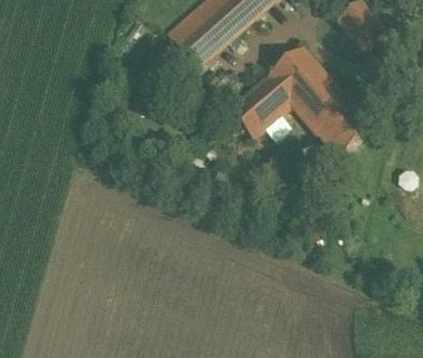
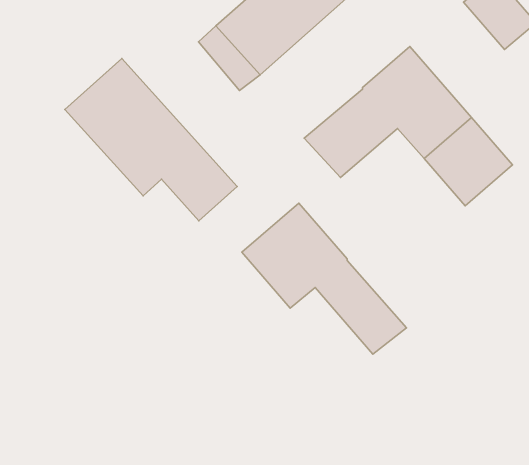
building: none -> [65,59,237,221]
building: none -> [242,203,407,354]

